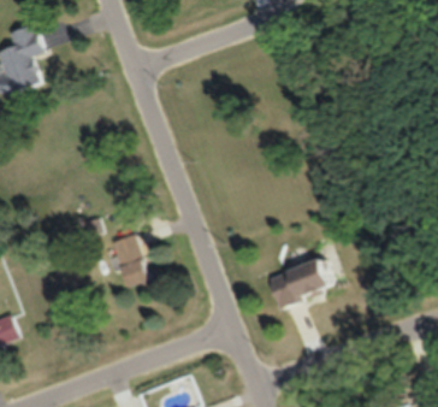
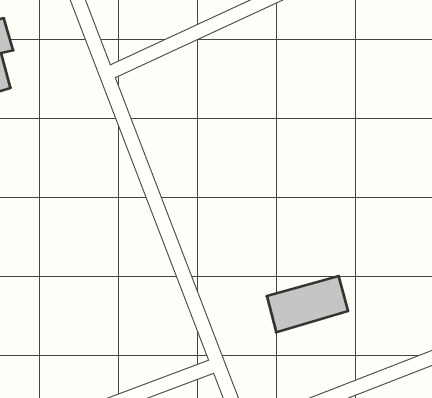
building: [108,232,150,287] -> none

